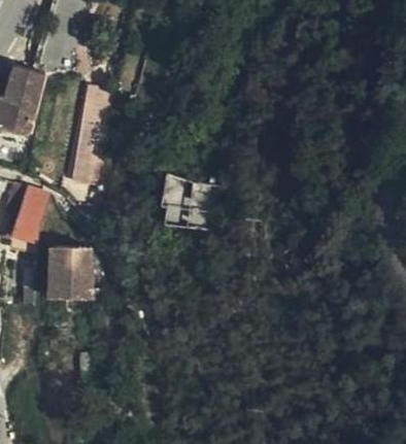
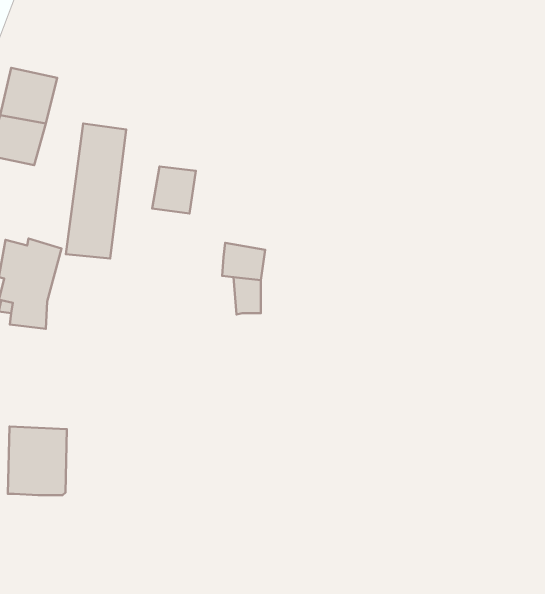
building: none -> [152,167,196,214]
building: [52,246,94,296] -> [8,426,67,495]

